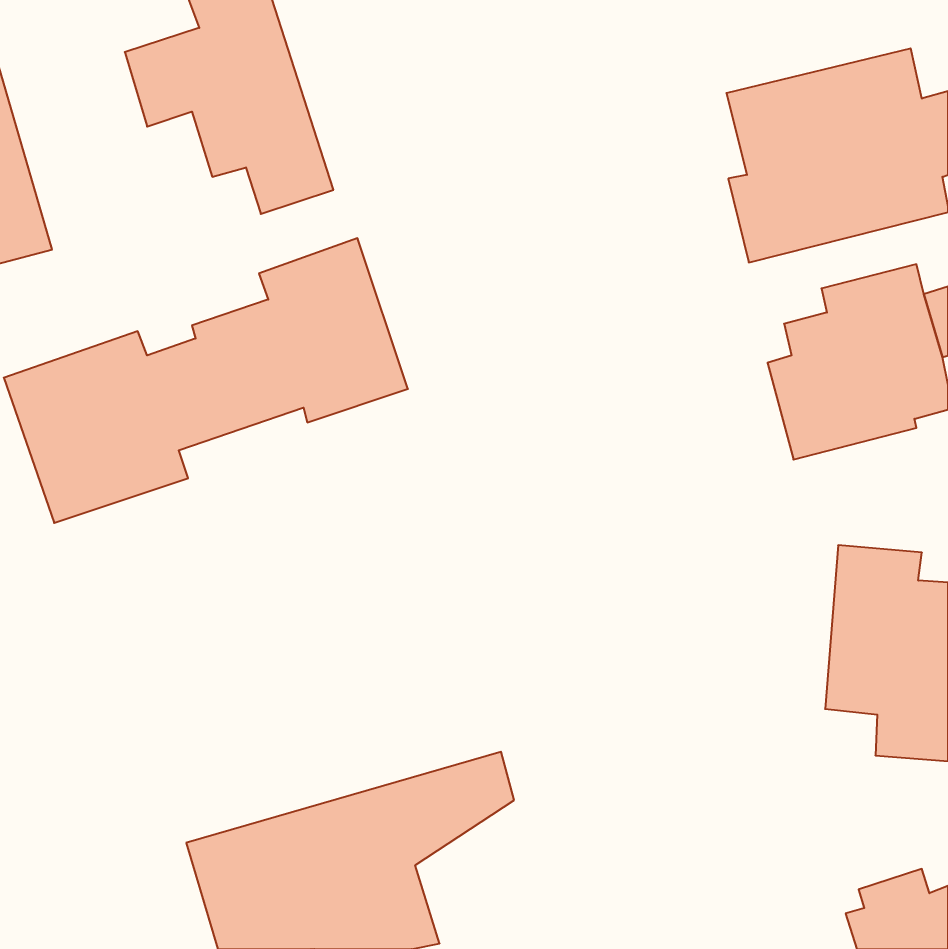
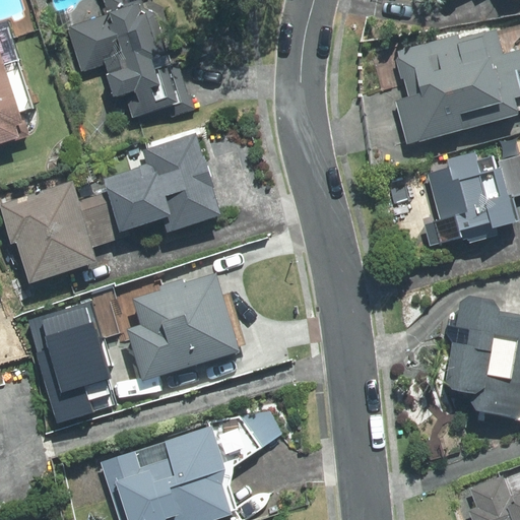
building: none -> [126,271,246,380]
building: none -> [25,303,112,421]

